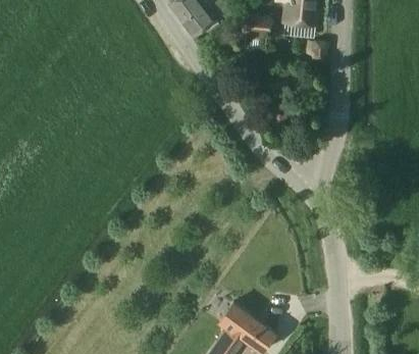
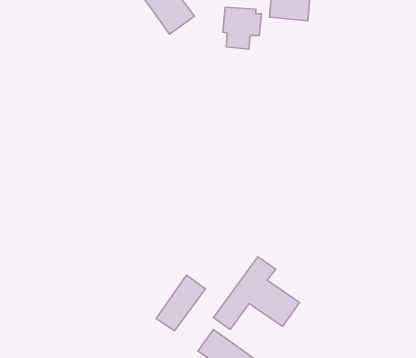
building: none -> [214,257,299,330]
building: none -> [156,275,205,331]

